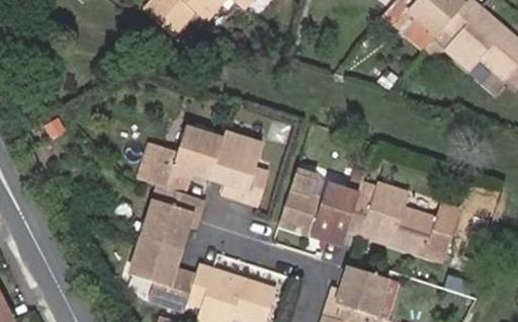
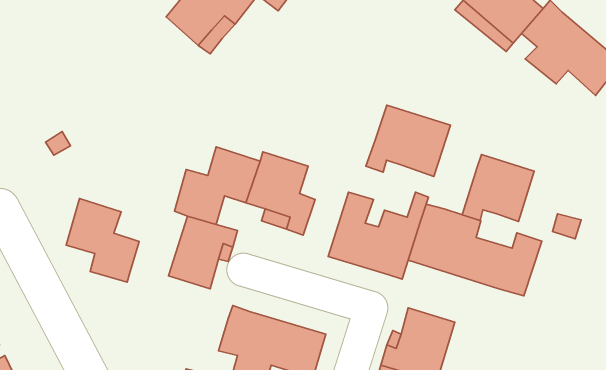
building: none -> [366,105,450,177]
building: none -> [462,154,534,221]
building: [134,239,195,310] -> [66,199,139,282]

